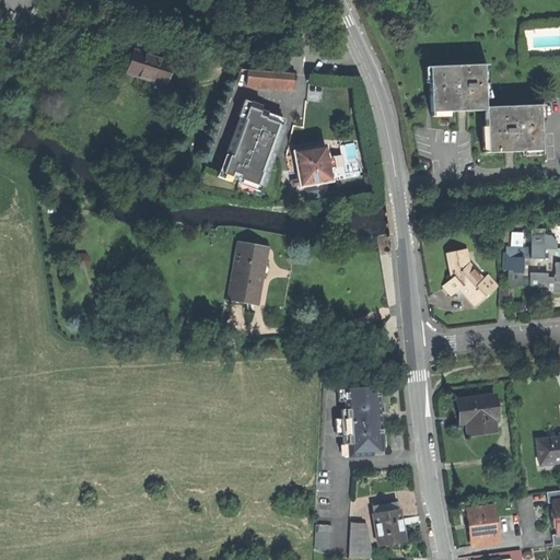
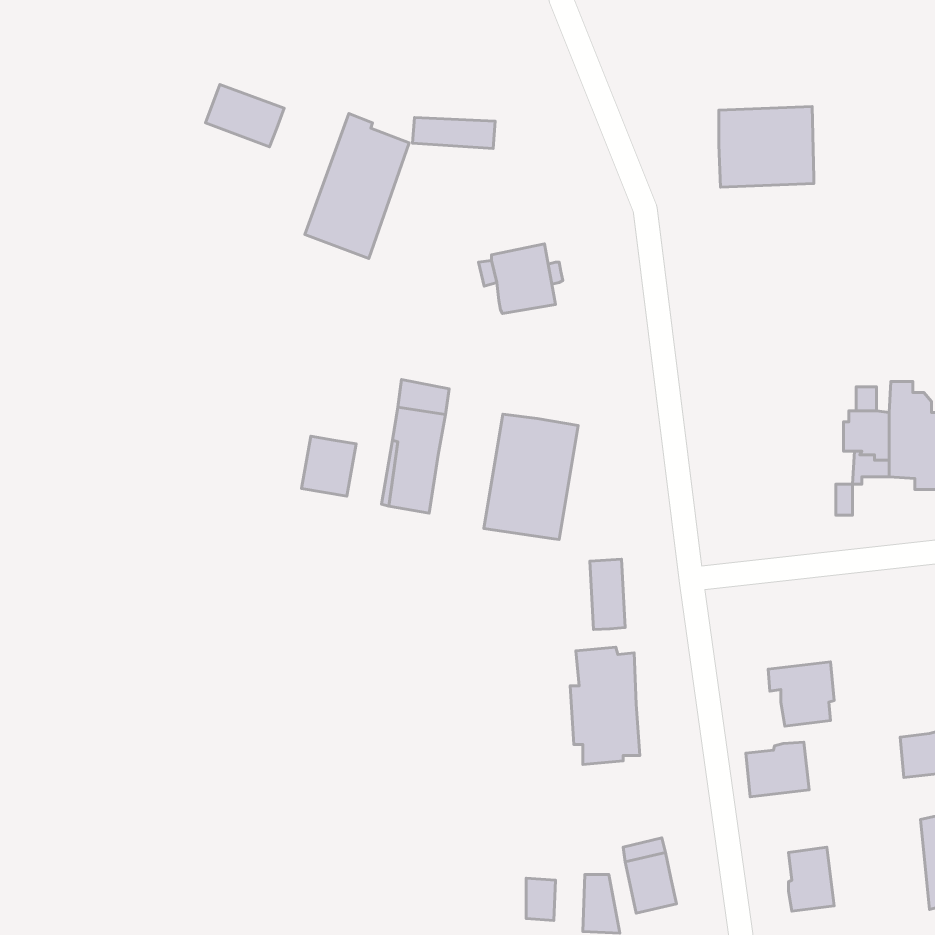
building: [223,102,285,188] -> [305,114,409,258]
building: [487,104,541,152] -> none
building: none -> [484,414,578,540]
building: [448,253,498,303] -> none
building: none -> [302,436,356,496]
building: none -> [590,559,625,630]
building: none -> [746,742,809,797]

